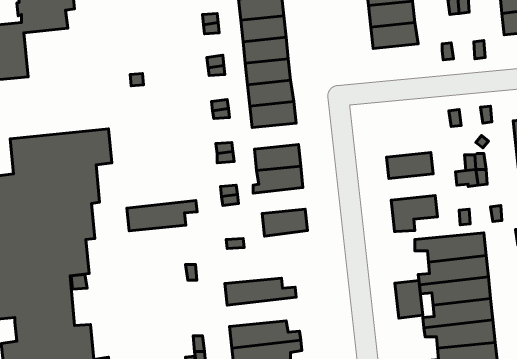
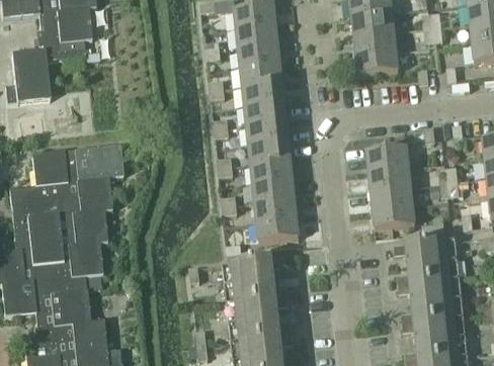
building: none -> [249,139,291,162]
building: none -> [367,145,409,169]
building: none -> [372,184,413,207]
building: none -> [250,196,297,219]
building: [127,200,197,231] -> [223,255,285,282]
building: [395,280,423,318] -> none
building: none -> [227,294,290,321]

